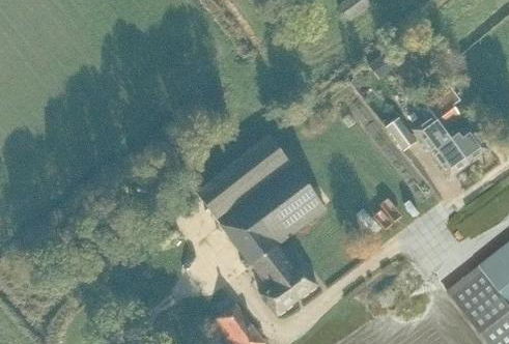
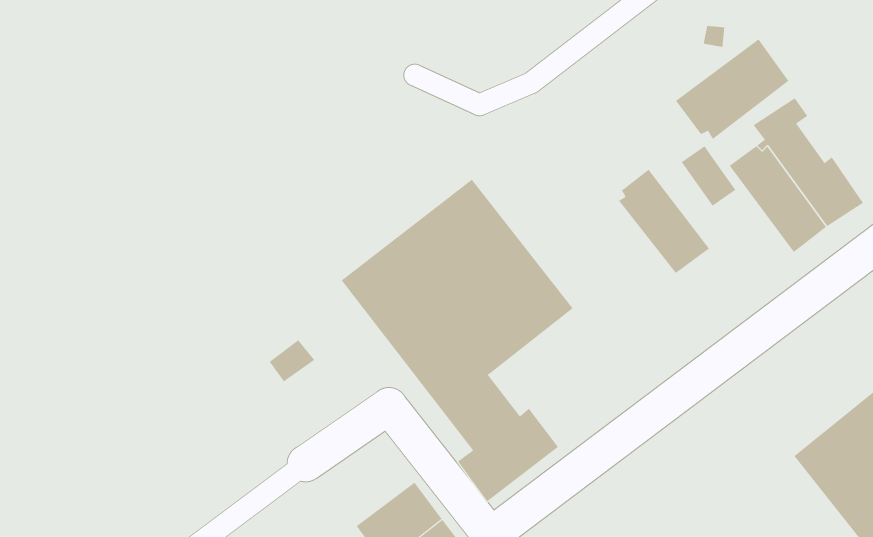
building: none -> [675,38,789,140]
building: none -> [618,169,710,274]

